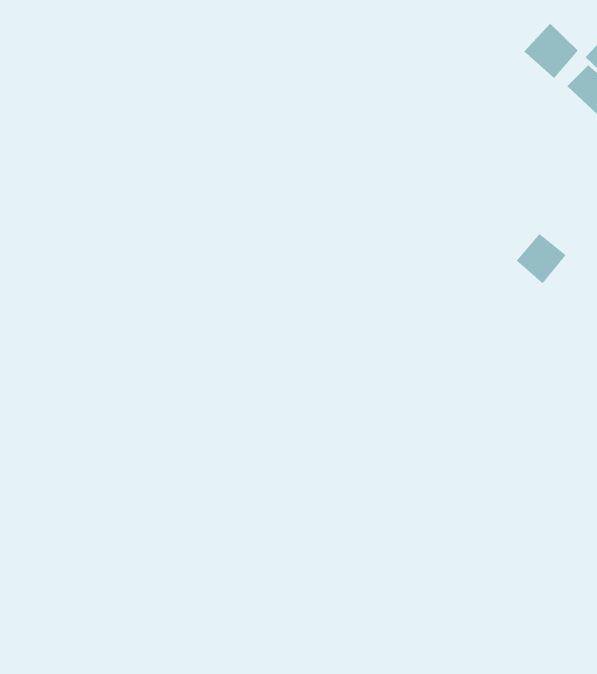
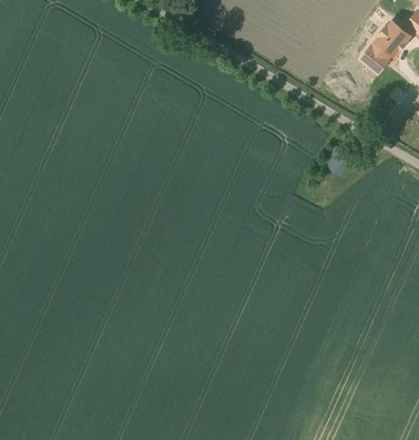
building: [524,23,579,79] -> none

